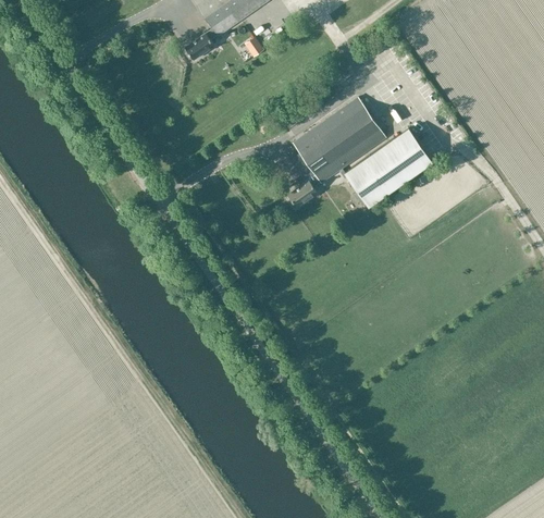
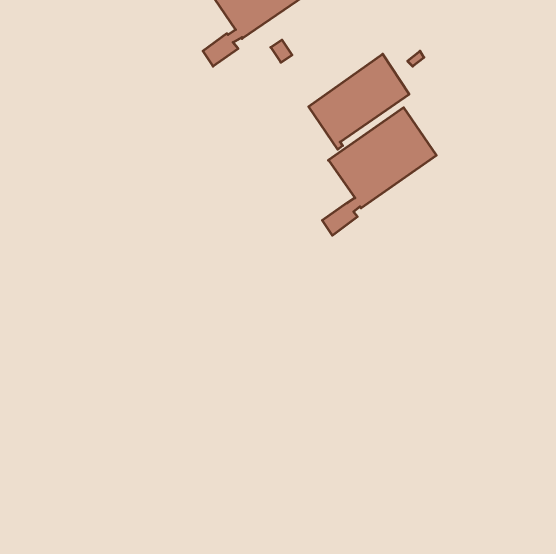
building: [344,128,431,211] -> [309,54,409,149]

